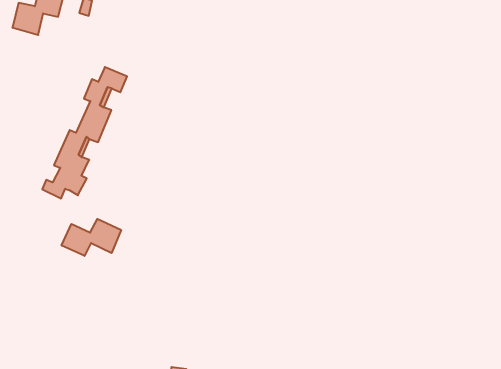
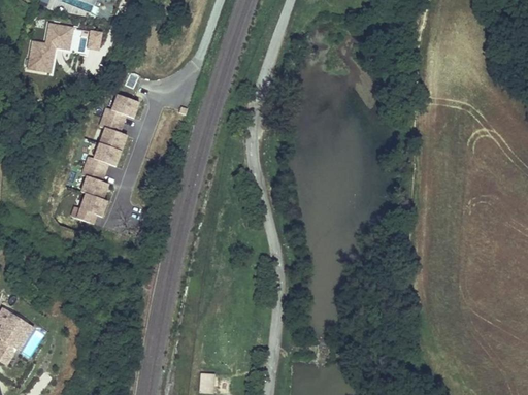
building: [62,219,121,256] -> none

